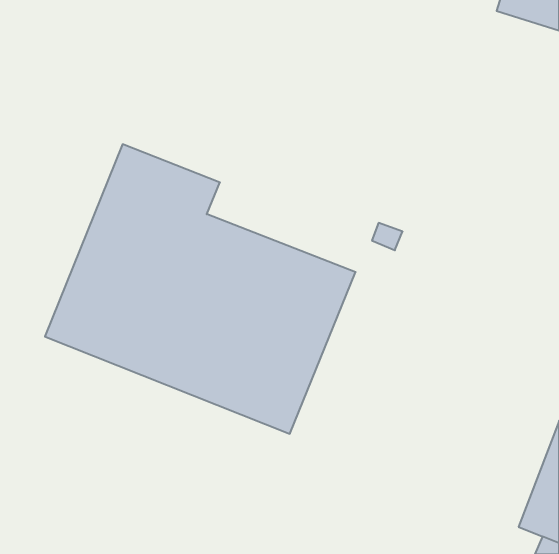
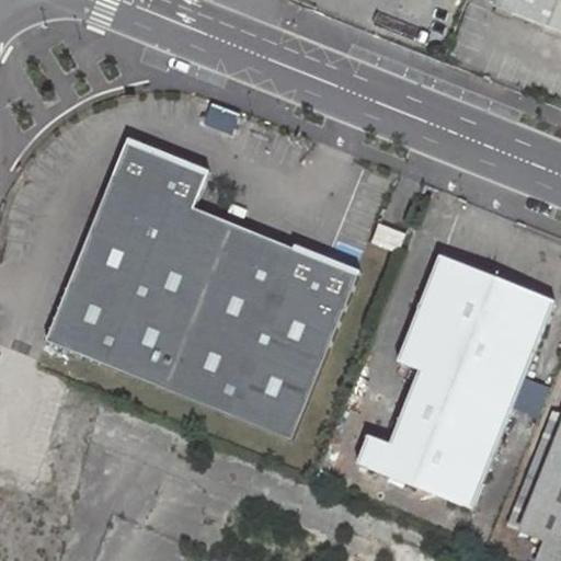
building: none -> [358,256,551,505]

